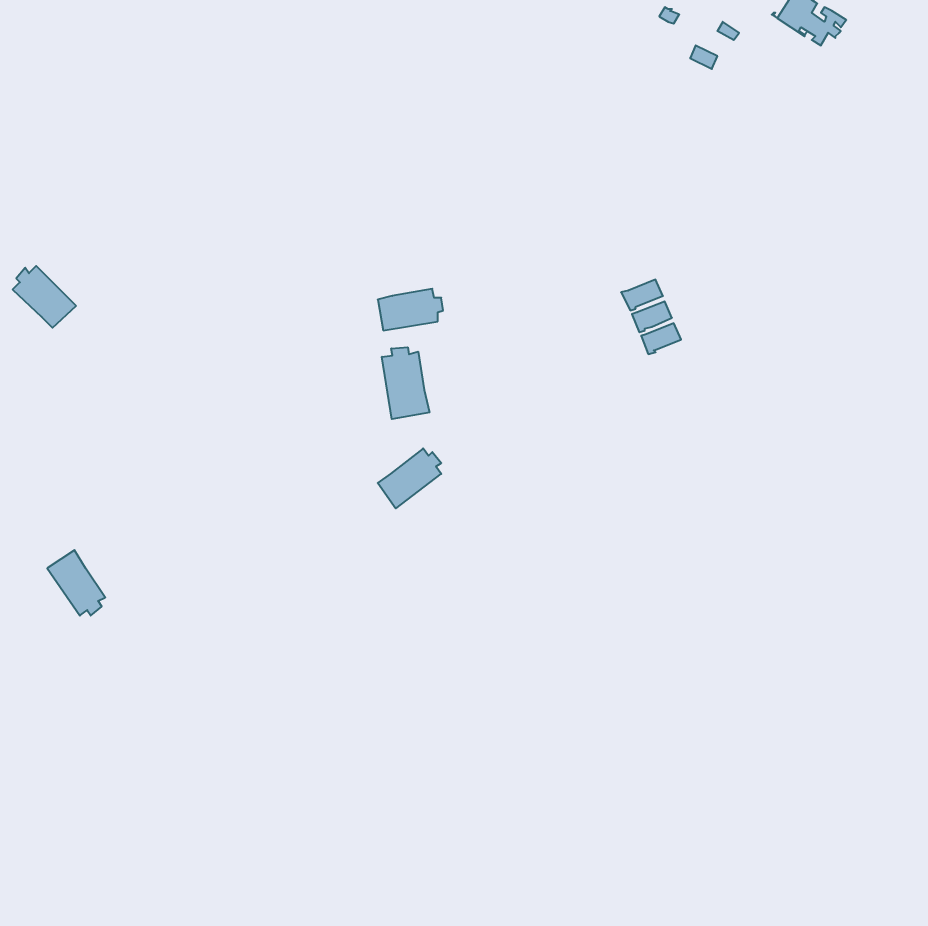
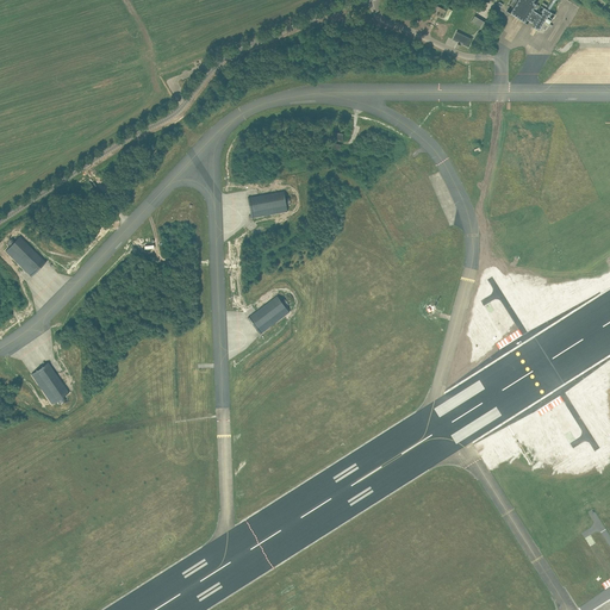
building: [13,266,76,328] -> [5,235,46,275]
building: [382,347,429,419] -> none

